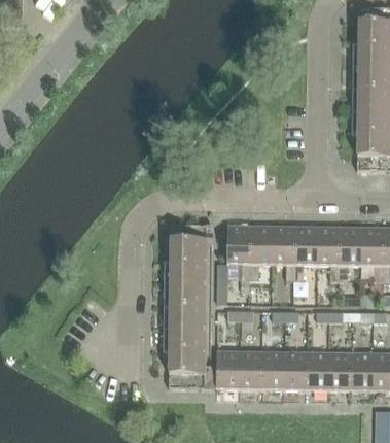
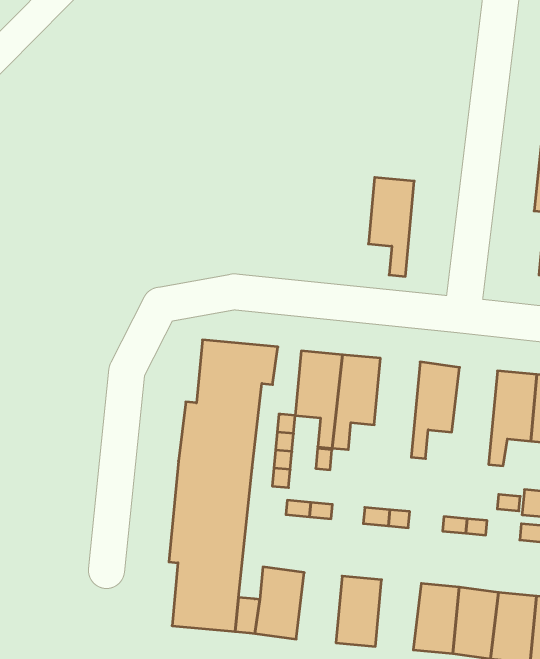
building: [273,226,295,280] -> [368,177,414,276]
building: [317,227,340,280] -> none
building: [240,351,262,389] -> none
building: [285,351,308,389] -> none

